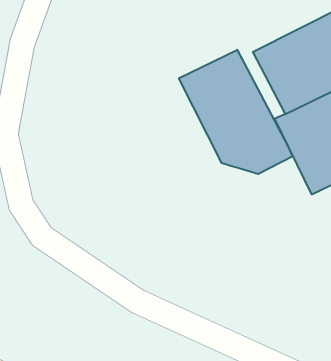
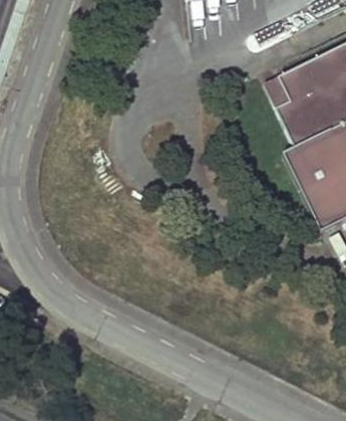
building: [179,50,293,174] -> none

